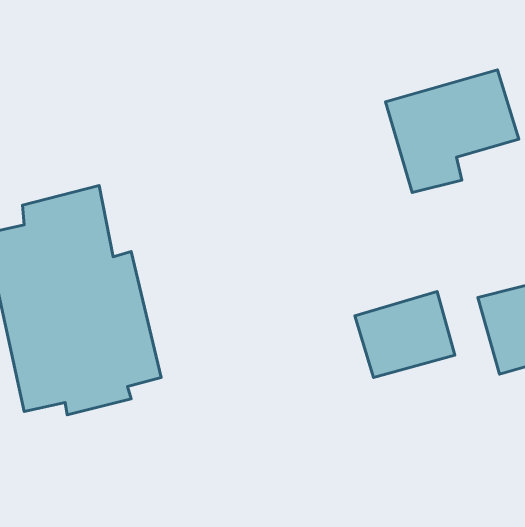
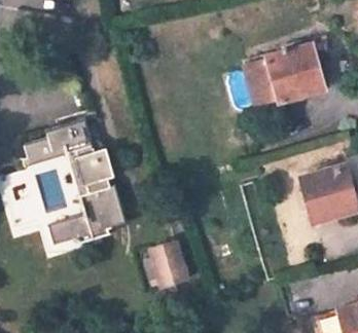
building: [355,291,455,377] -> none
building: none -> [151,240,188,287]

